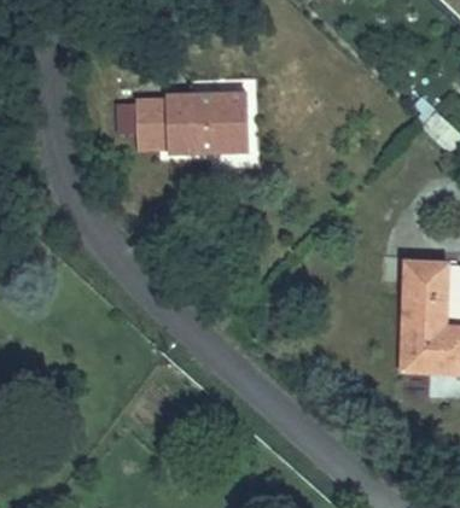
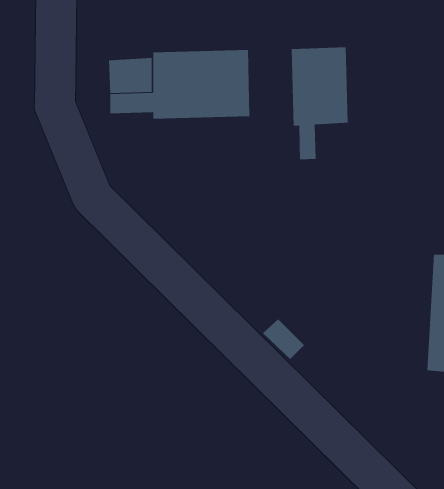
building: none -> [291,47,348,160]

